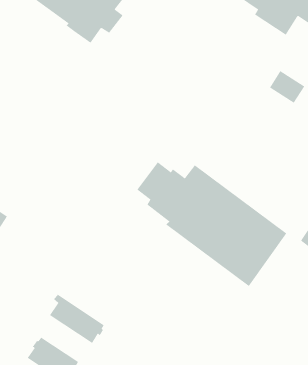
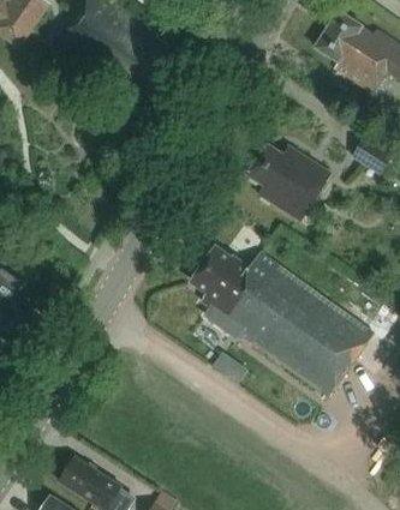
building: none -> [247,143,329,220]
building: [49,294,104,344] -> none

